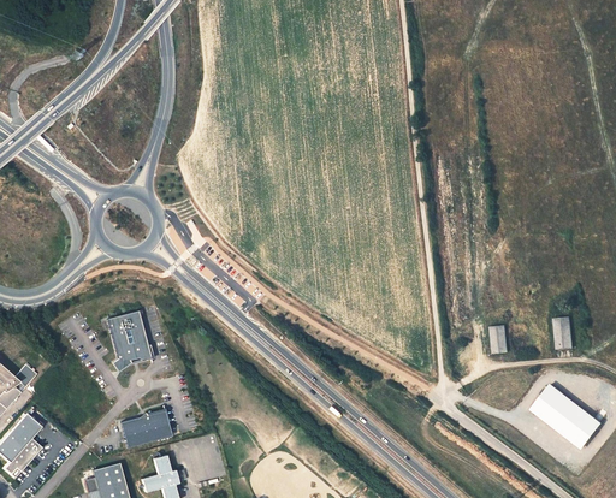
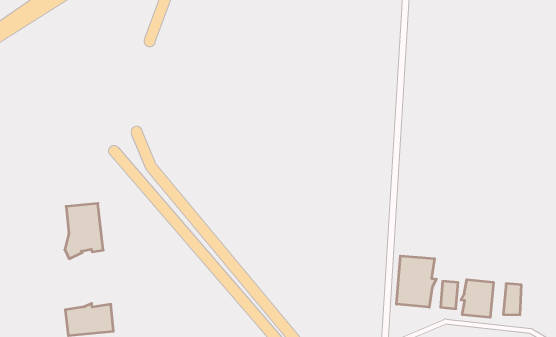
building: none -> [397,256,436,307]
building: none -> [461,280,493,317]

